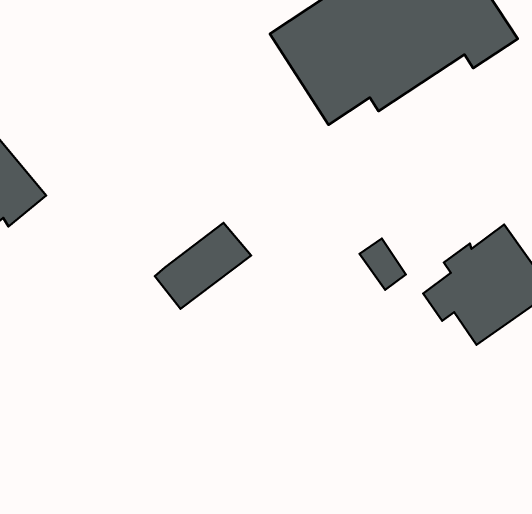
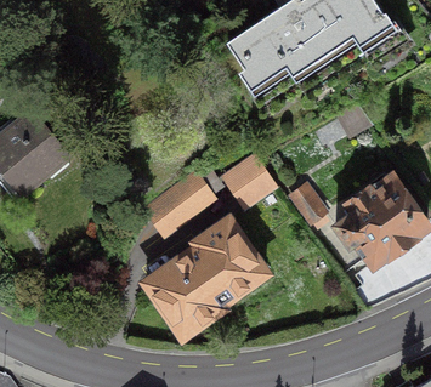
building: none -> [222,155,273,206]
building: none -> [144,217,263,332]

